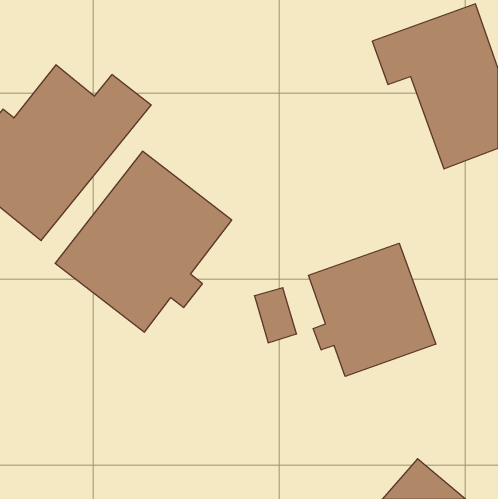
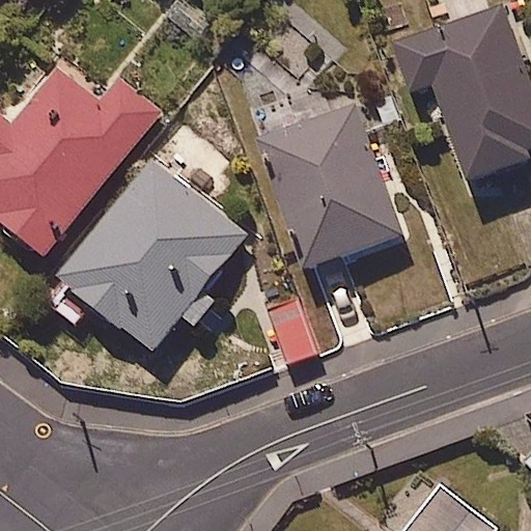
building: none -> [261,102,400,266]
building: [308,243,436,376] -> none

